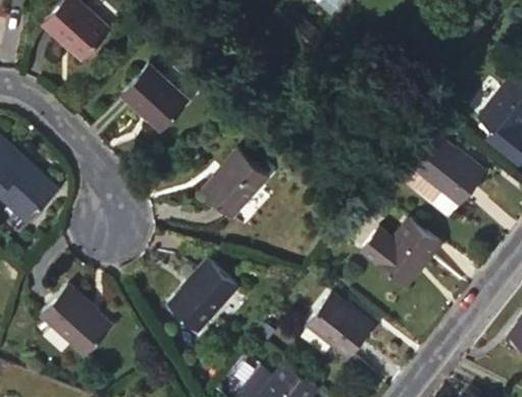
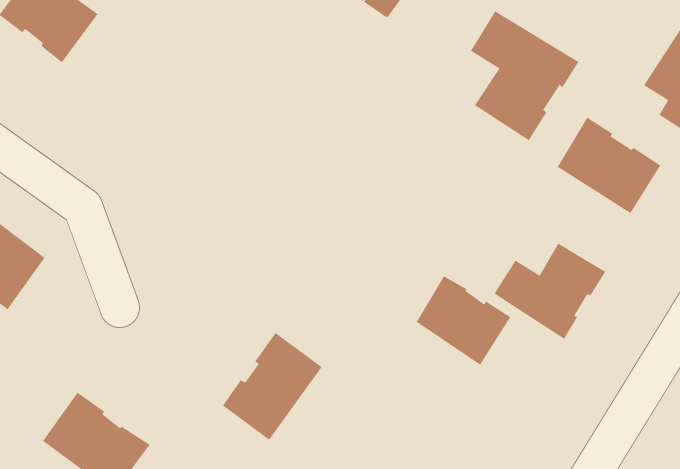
building: none -> [470,11,579,141]
building: [122,63,190,131] -> none
building: [200,149,268,218] -> none
building: [306,295,371,359] -> [416,275,511,365]

